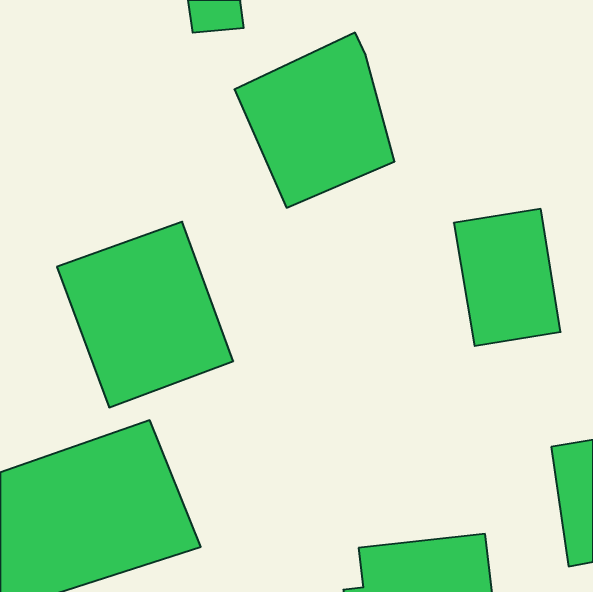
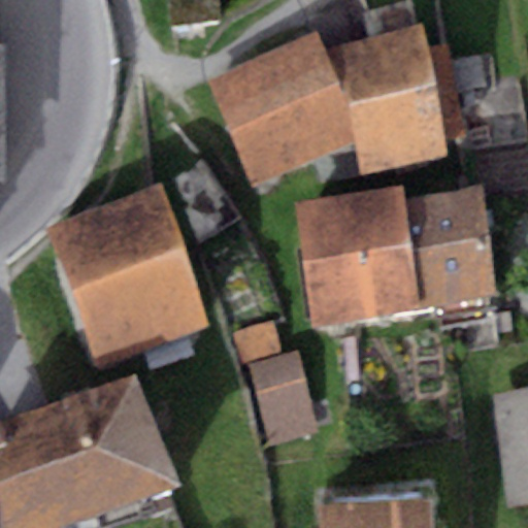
building: none -> [325,28,465,178]
building: none -> [293,186,422,326]
building: none -> [234,324,319,444]

